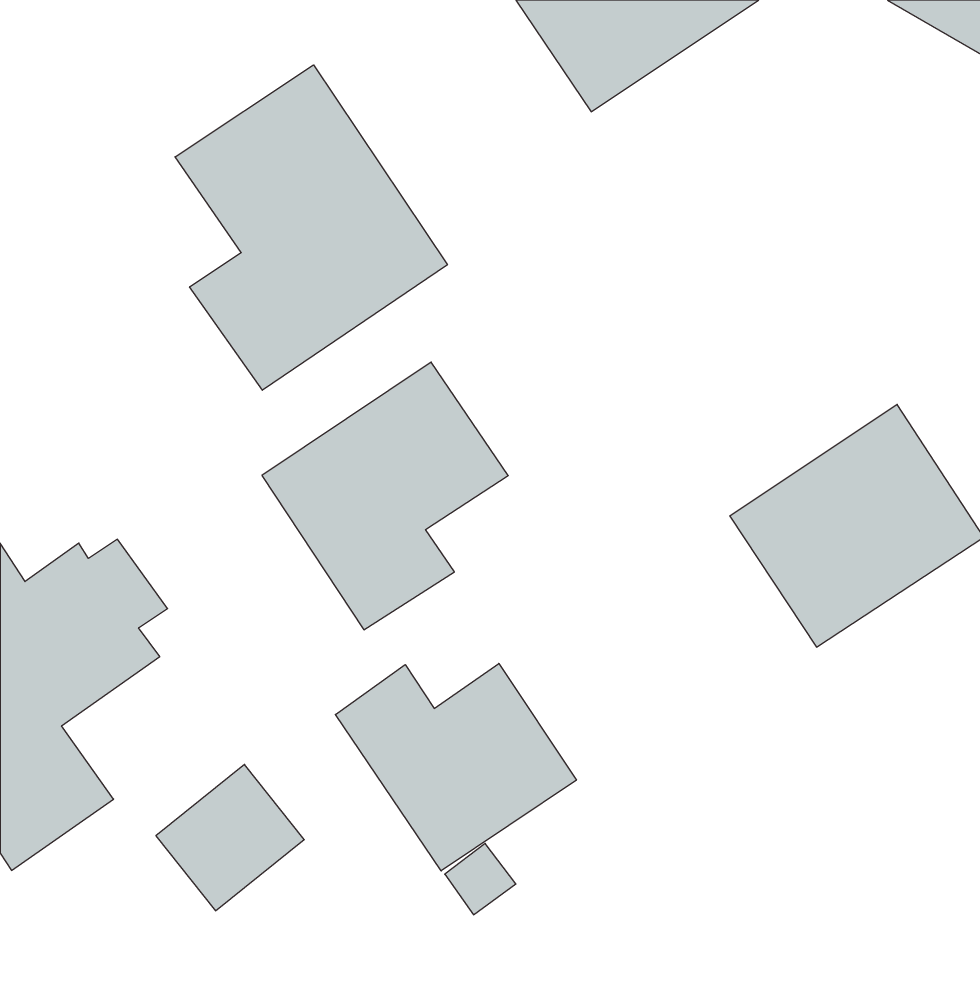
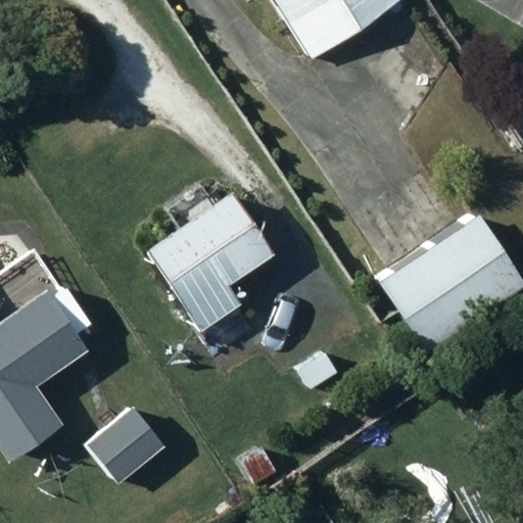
building: [175,65,447,390] -> none
building: [335,663,576,871] -> none

